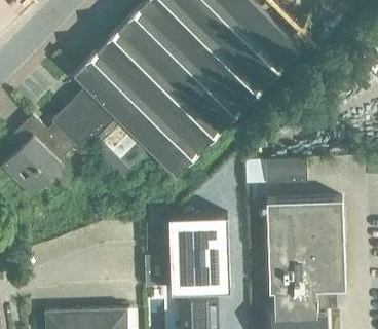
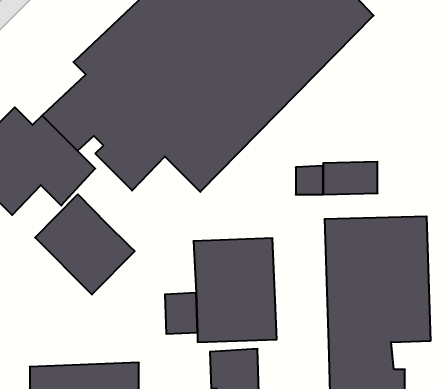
building: none -> [35,194,135,295]

